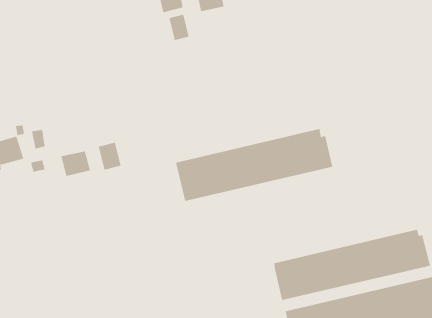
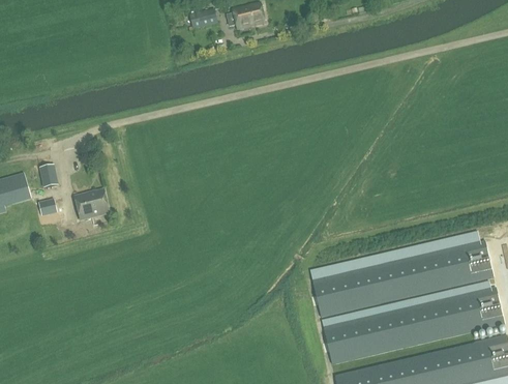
building: [169,14,189,41] -> none
building: [176,128,333,202] -> [310,231,494,316]
building: [98,142,121,170] -> none

